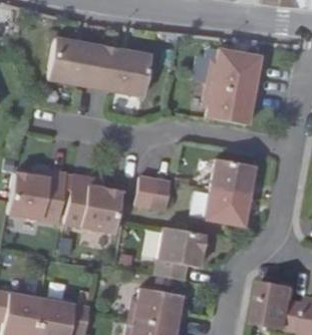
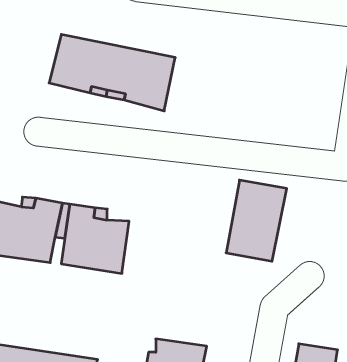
building: [203,40,261,115] -> none
building: [133,175,169,208] -> none
building: [158,224,208,277] -> none

